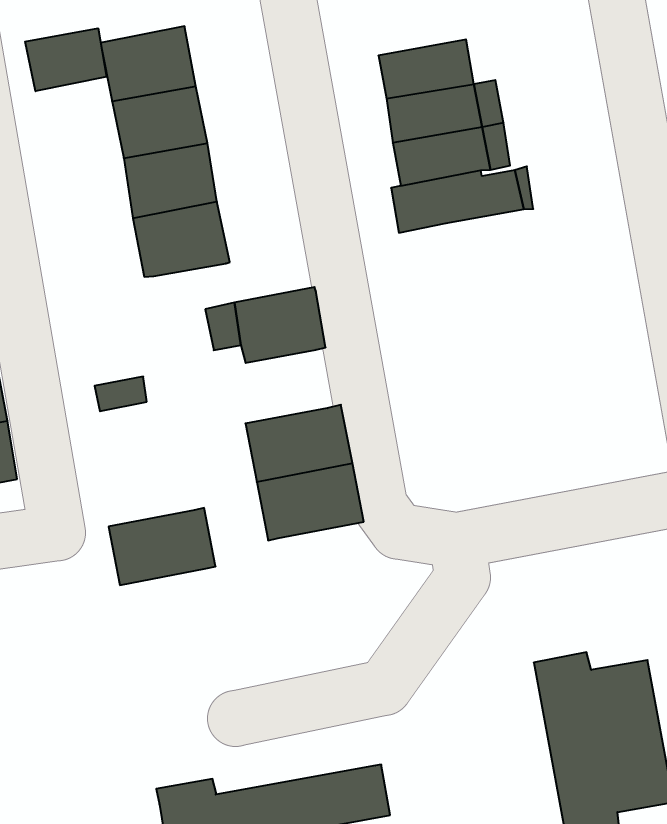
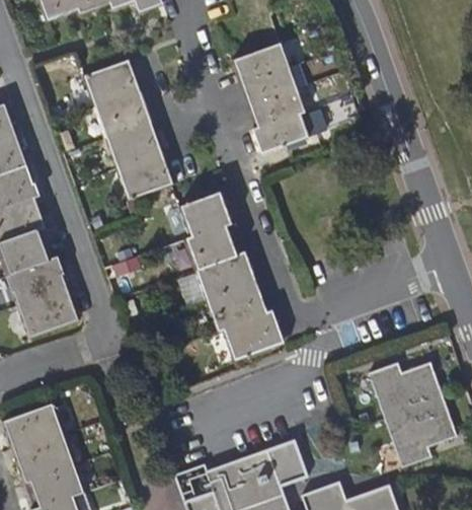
building: [25,28,107,91] -> none
building: none -> [184,223,237,269]
building: [109,508,216,585] -> [222,309,283,358]

